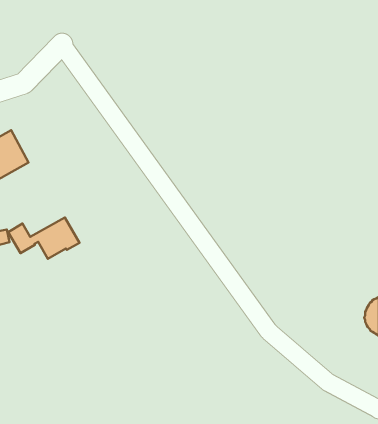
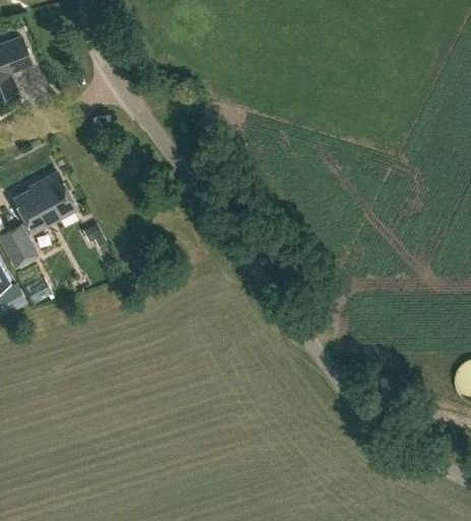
building: [8,218,79,259] -> none

